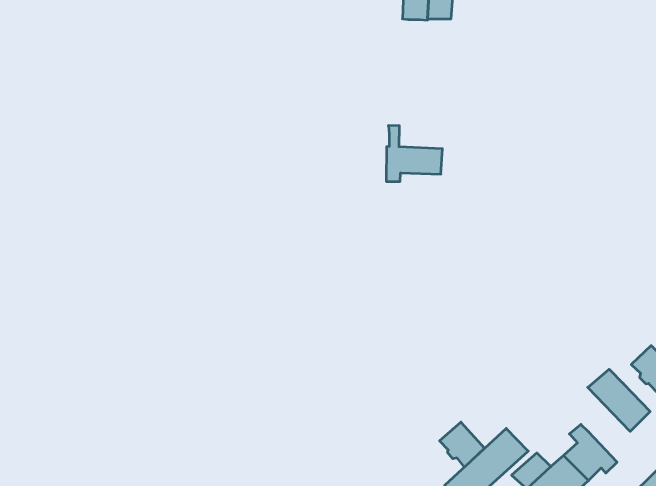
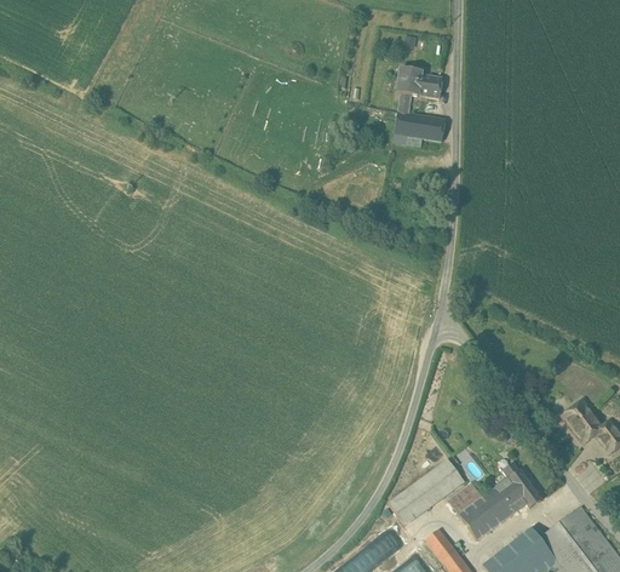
building: [386,126,442,181] -> [394,93,446,143]
building: [588,369,650,431] -> none
building: [440,422,485,467] -> none

